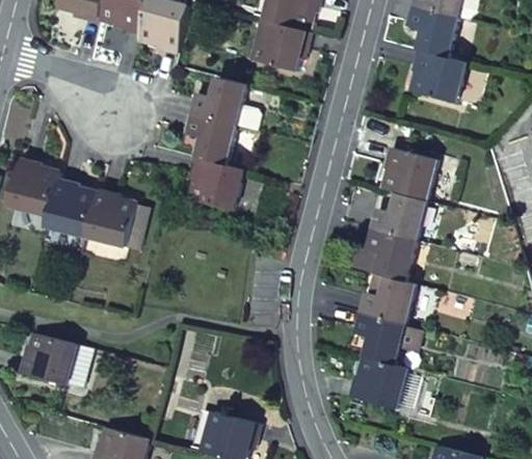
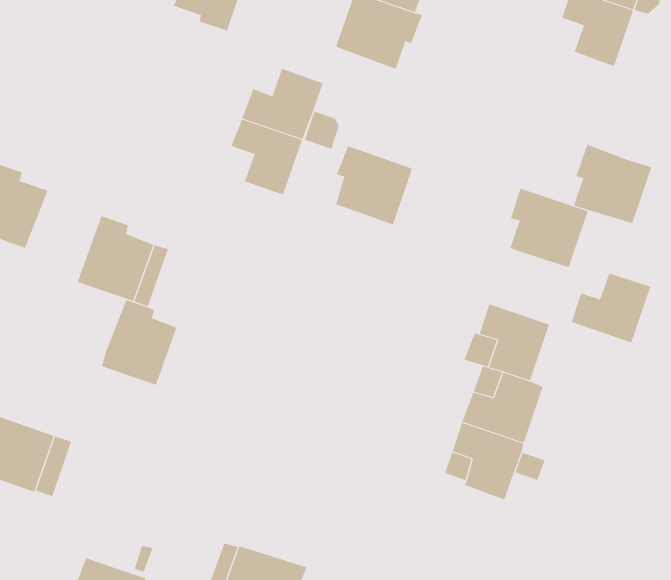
building: [411,49,464,102] -> [573,144,652,224]
building: [189,157,242,210] -> [335,146,413,225]
building: [45,178,96,236] -> [101,300,177,386]
building: [372,192,426,240] -> [571,273,651,343]
building: [349,356,406,407] -> none

